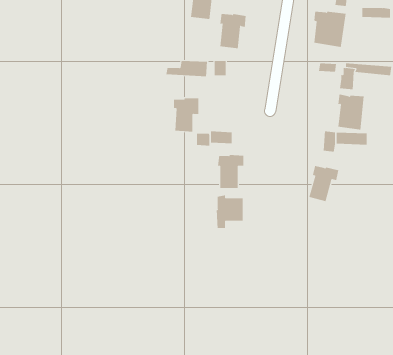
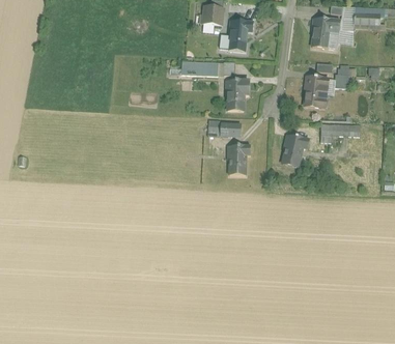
building: [338,94,365,130] -> [305,76,329,108]
building: [173,98,199,132] -> [226,80,249,110]
building: [309,166,339,202] -> [282,135,309,167]
building: [216,195,243,229] -> none

